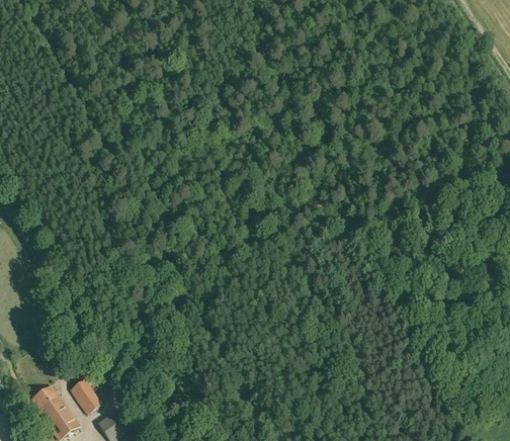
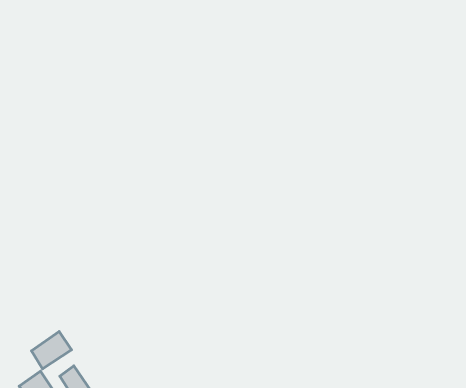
building: none -> [31,332,71,369]

